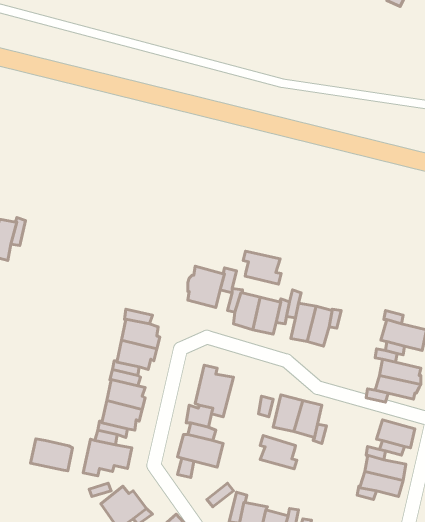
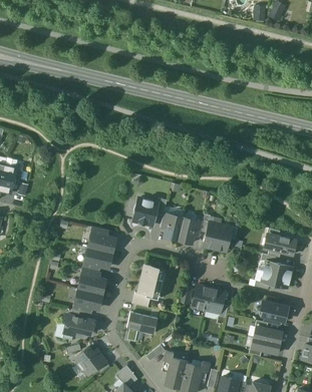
building: [243,251,281,284] -> none
building: [260,436,297,469] -> none
building: [30,439,72,471] -> none

